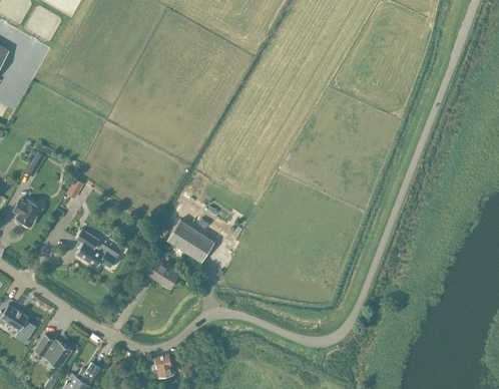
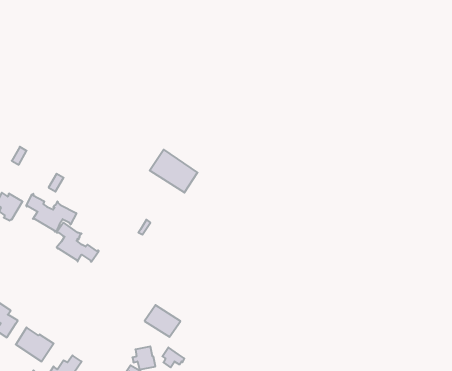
building: none -> [26,194,76,232]
building: [166,219,214,262] -> [150,150,198,193]
building: [144,257,180,289] -> [145,305,180,337]

